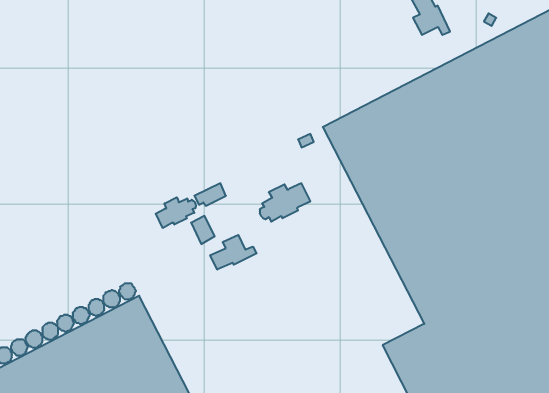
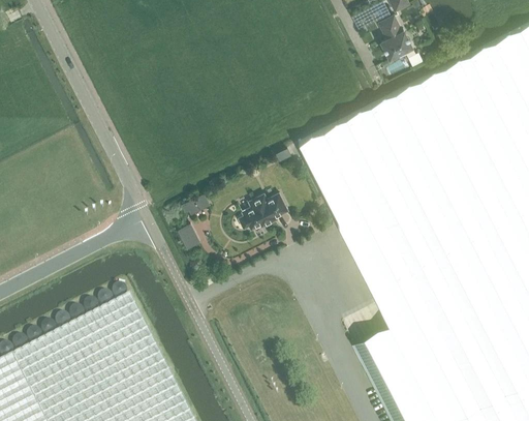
building: [156,197,196,228] -> none
building: [210,235,257,270] -> none

